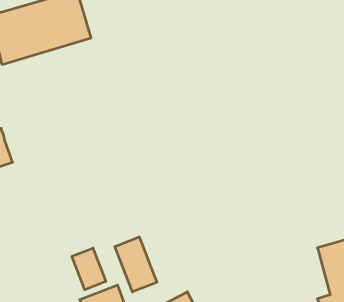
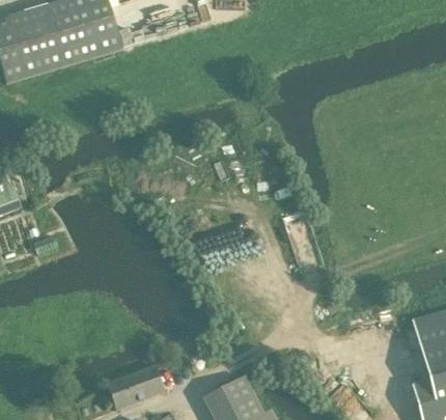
building: [115,237,157,292] -> none
building: [72,248,106,290] -> none

